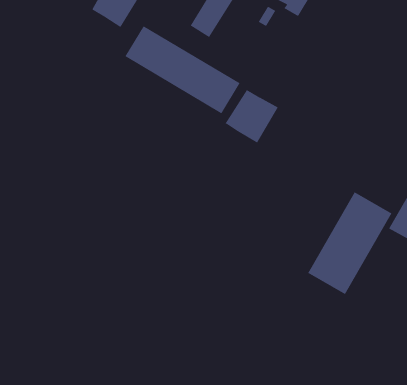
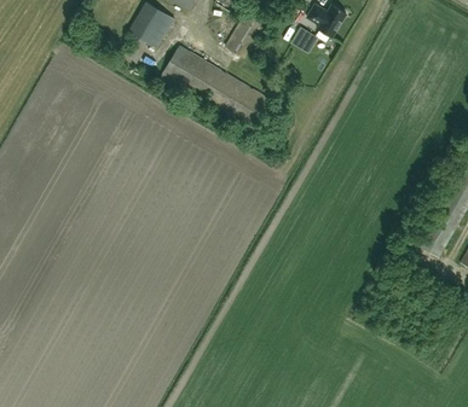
building: [225,89,279,143] -> none
building: [307,192,392,295] -> none

